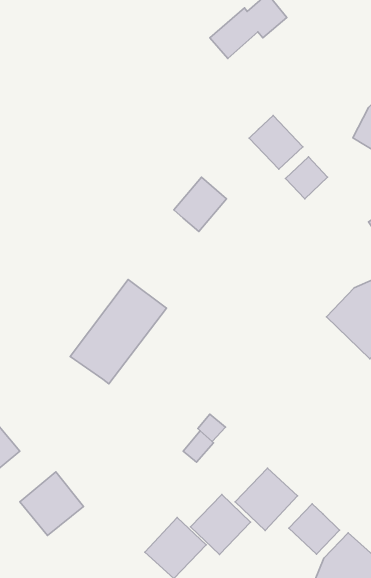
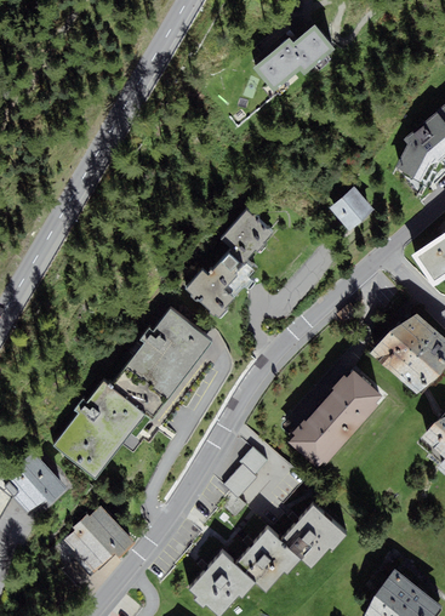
building: [249,115,303,169] -> none
building: none -> [184,250,252,314]
building: none -> [291,369,384,464]
building: none -> [56,383,146,478]
building: [289,504,340,554] -> none

